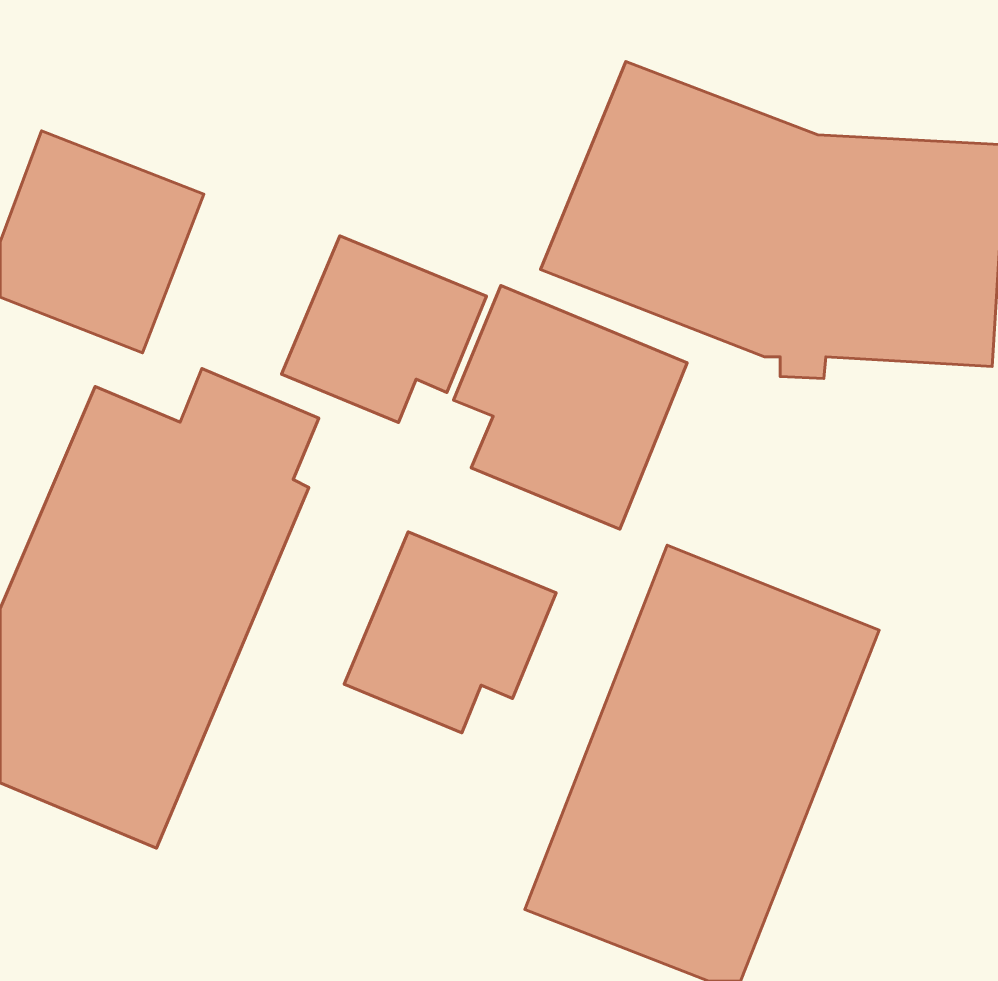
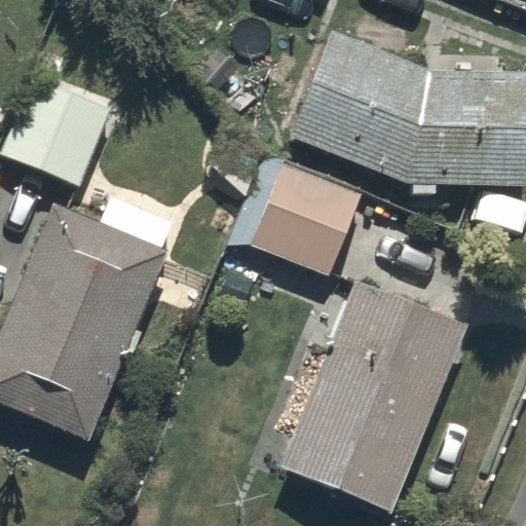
building: [282,236,487,423] -> none
building: [344,532,556,733] -> none

